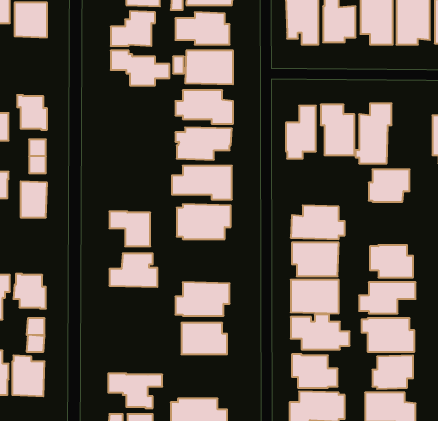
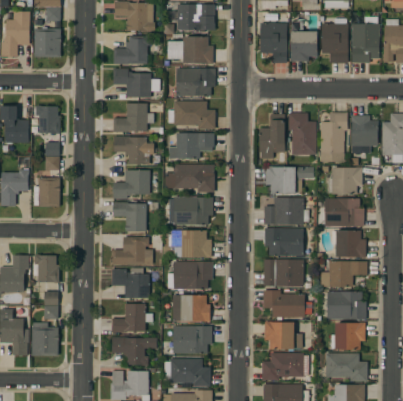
building: none -> [113,103,153,132]
building: none -> [350,115,378,156]
building: none -> [113,136,153,164]
building: none -> [265,166,313,193]
building: none -> [112,170,149,199]
building: none -> [324,198,364,226]
building: none -> [174,230,211,257]
building: none -> [111,268,149,298]
building: none -> [111,304,152,333]
building: none -> [172,326,211,354]

